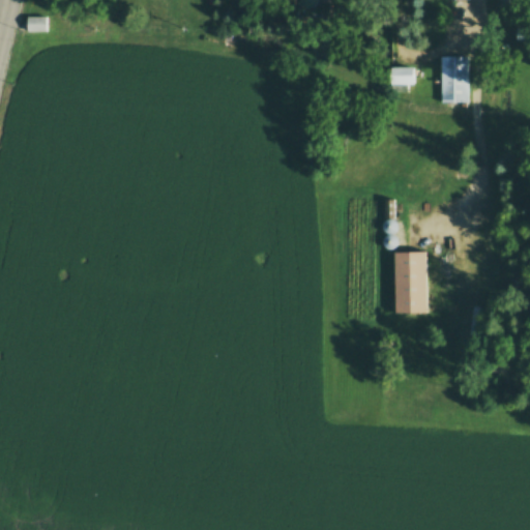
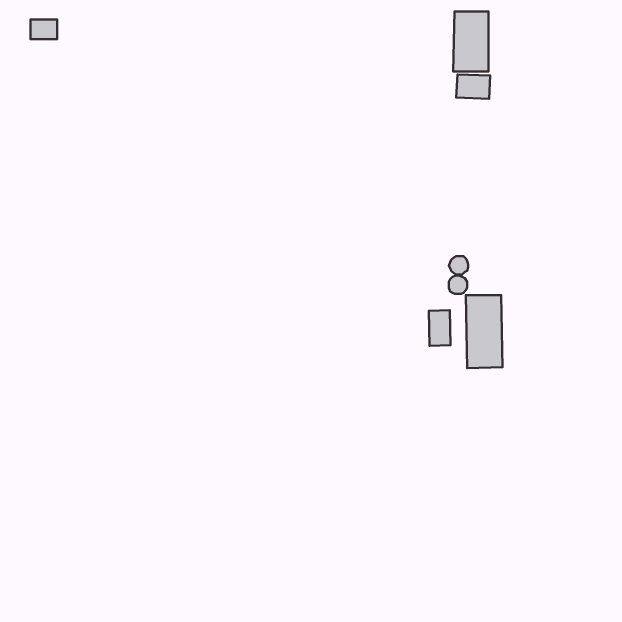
building: [439,55,469,106] -> [453,12,489,71]
building: none -> [429,310,451,346]

